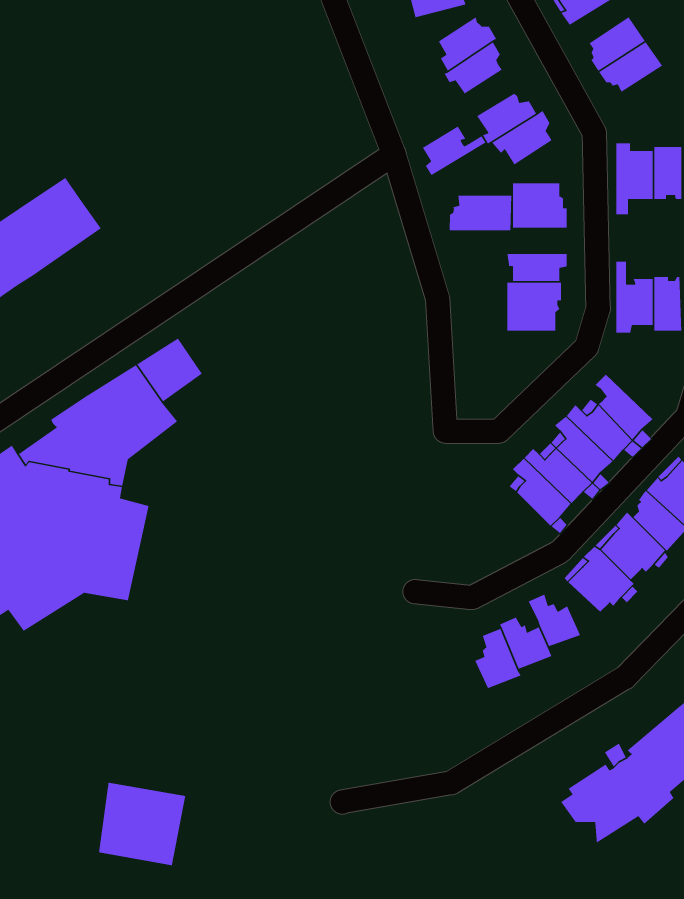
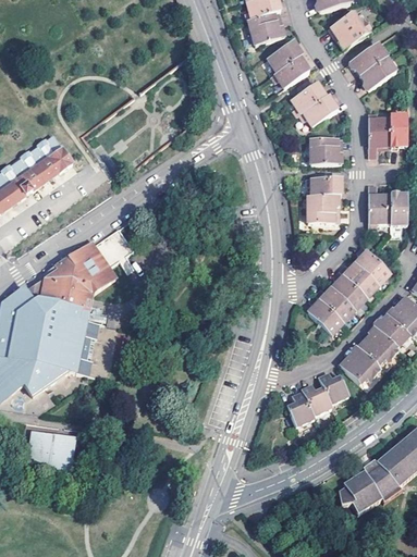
building: [422,125,486,176] -> none
building: [449,195,512,231] -> none
building: [98,782,186,866] -> [27,426,77,474]

